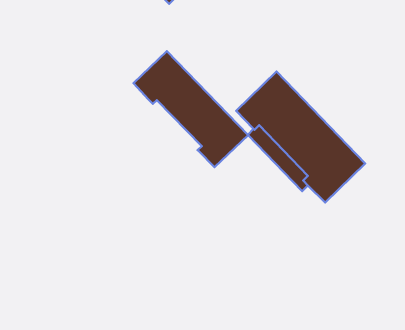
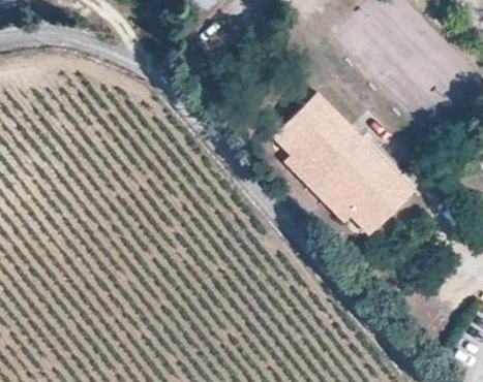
building: [133,51,248,167] -> none

